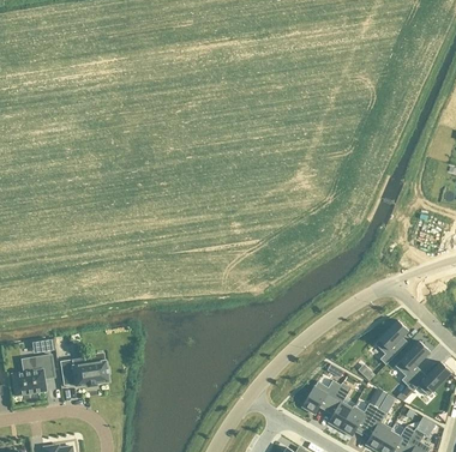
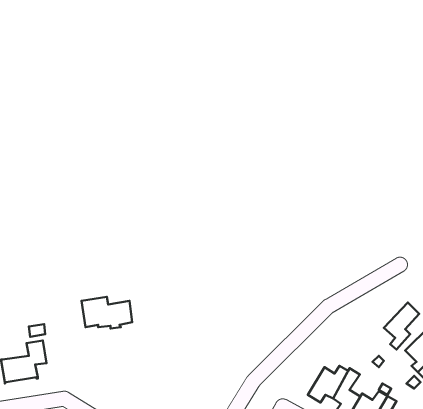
building: [60,356,108,386] -> [82,297,132,329]

